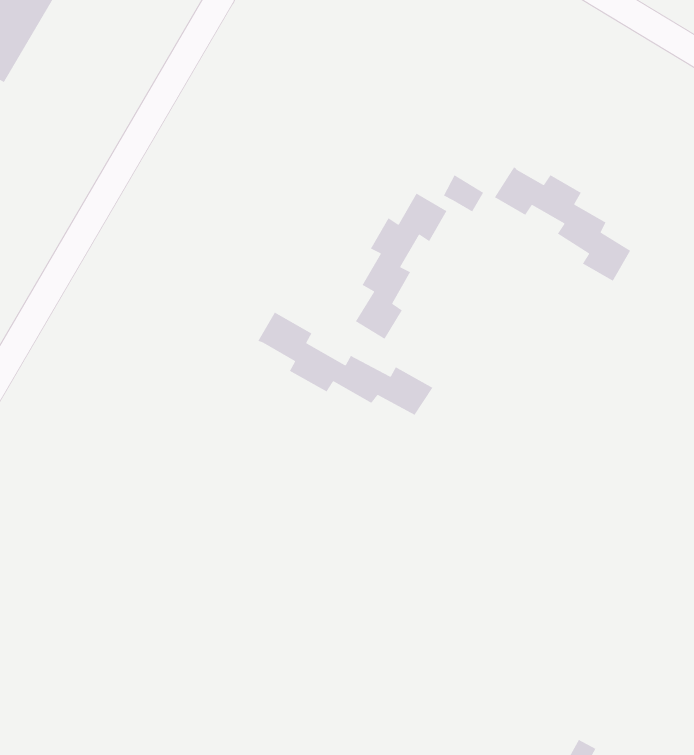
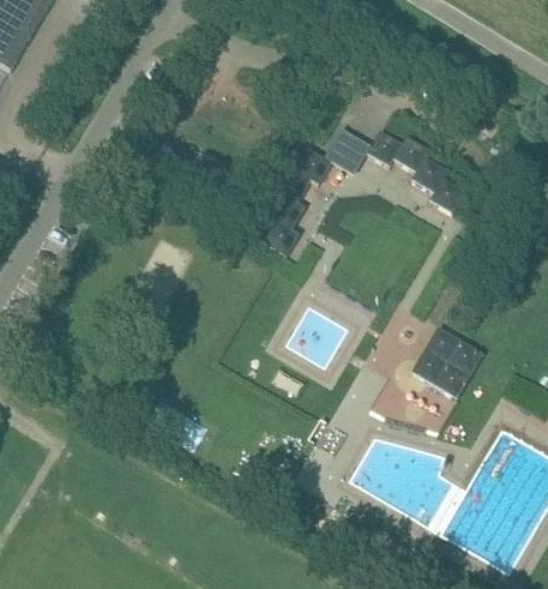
building: [257,312,433,416] -> none
building: none -> [411,327,482,398]

